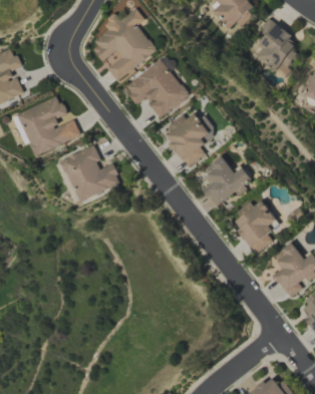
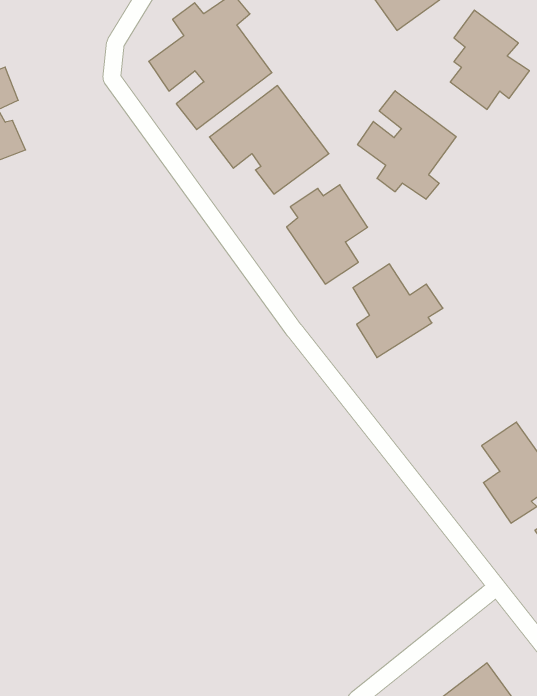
building: none -> [358,91,456,199]
building: [17,96,81,155] -> none
building: [61,146,120,202] -> none
building: [234,201,276,254] -> none

